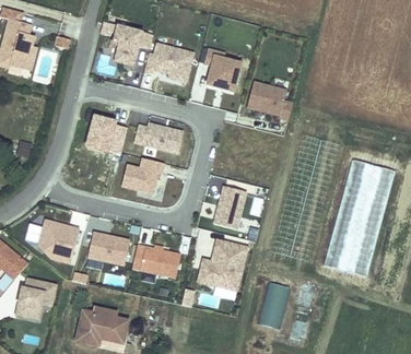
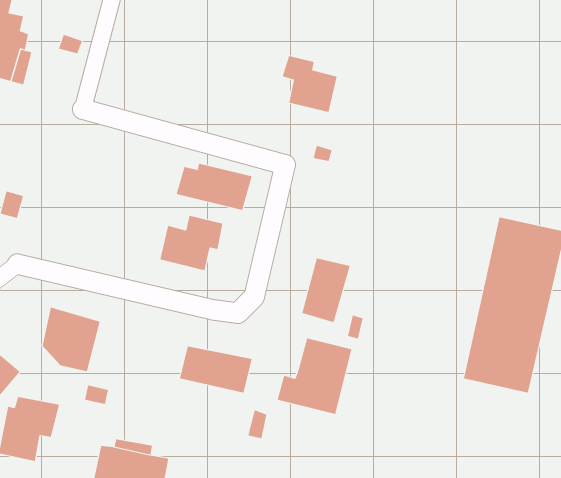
building: [99,21,151,64] -> none
building: [143,44,191,82] -> none
building: [248,81,290,118] -> none
building: [83,113,125,153] -> none
building: [90,231,131,263] -> none
building: [257,281,284,328] -> none

